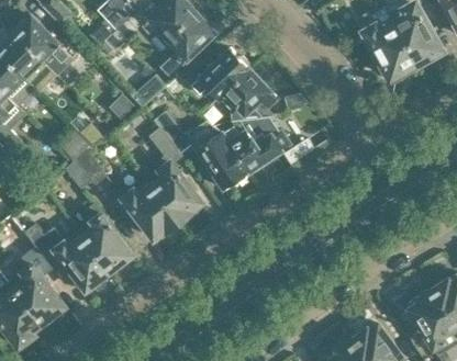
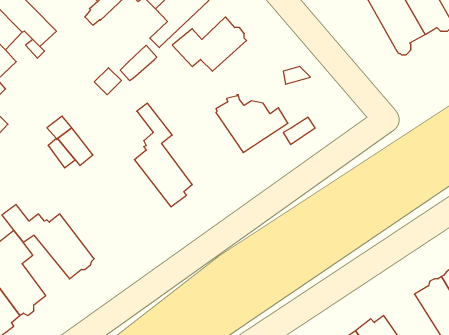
building: [218,69,276,123] -> none
building: [153,110,246,189] -> none
building: [119,180,179,238] -> none
building: [76,203,132,272] -> none

